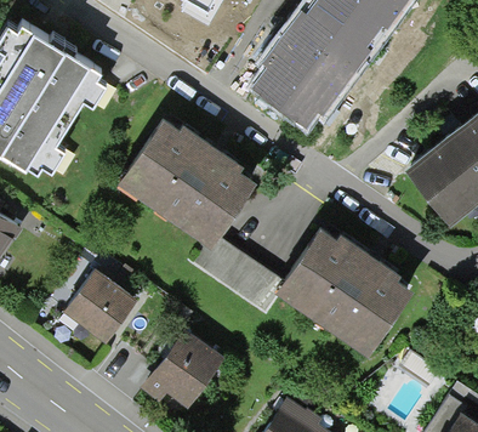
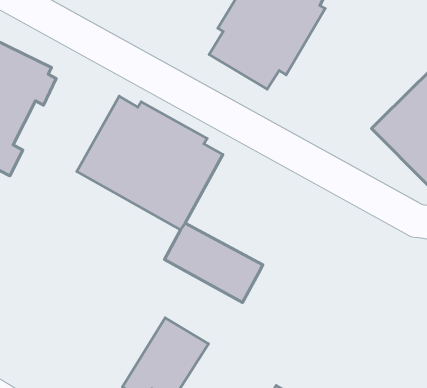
building: [280,233,412,354] -> none
building: [66,271,138,343] -> none

